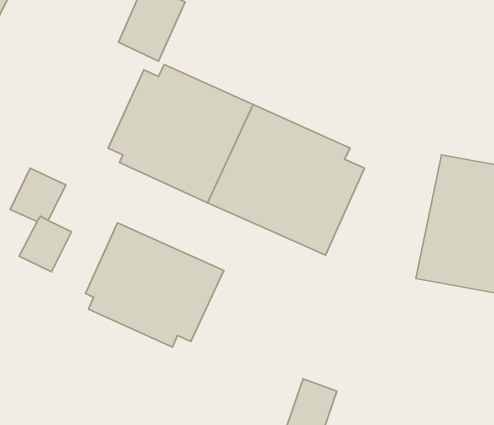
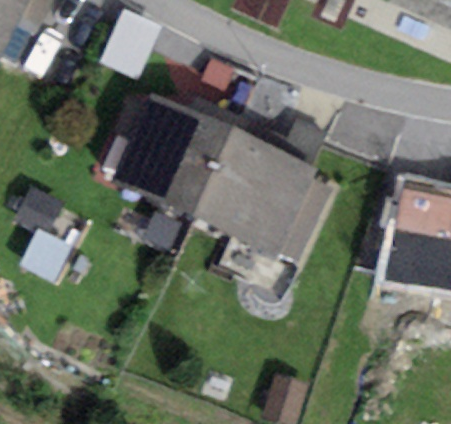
building: [85,223,224,347] -> none

